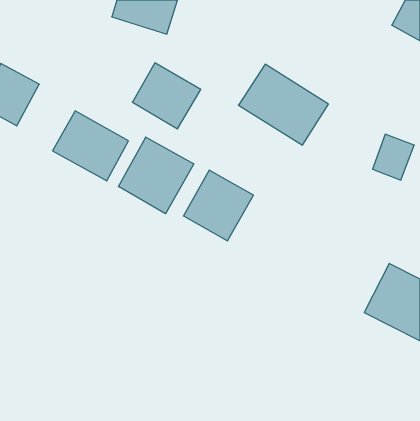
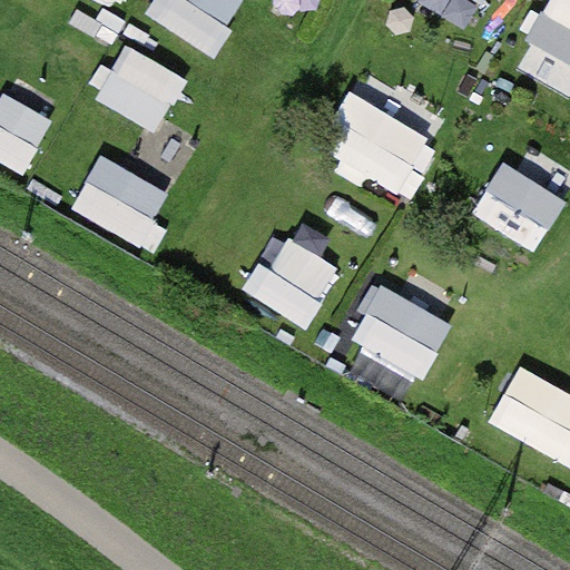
building: [132,63,201,129] -> [95,46,186,134]
building: [118,137,194,214] -> none
building: none -> [348,285,453,380]

